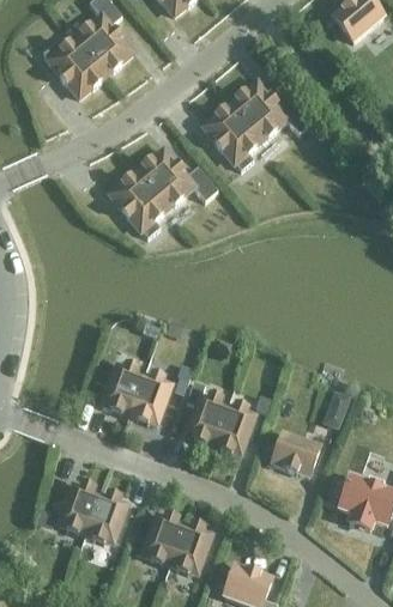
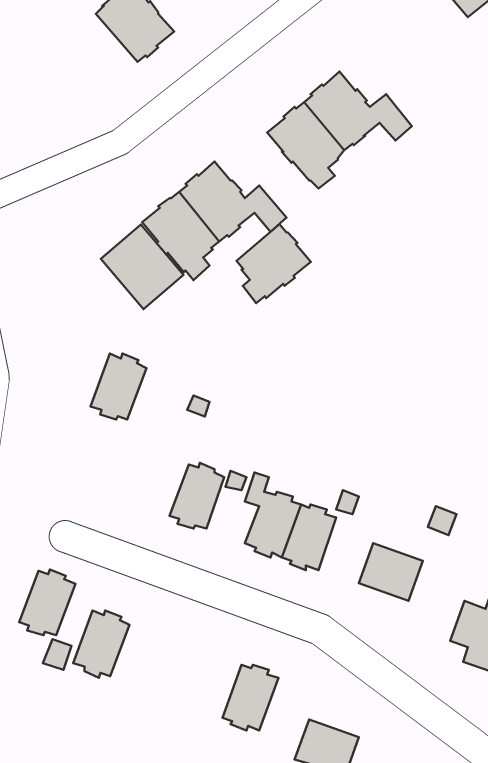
building: [42,38,104,97] -> none
building: none -> [236,224,311,303]
building: none -> [101,225,184,309]
building: [101,364,143,413] -> [90,354,147,419]
building: [84,493,126,542] -> [19,569,75,635]
building: [141,515,182,564] -> none

